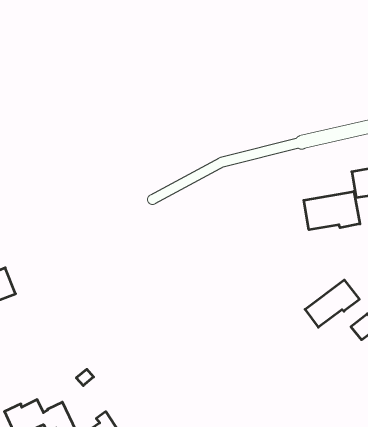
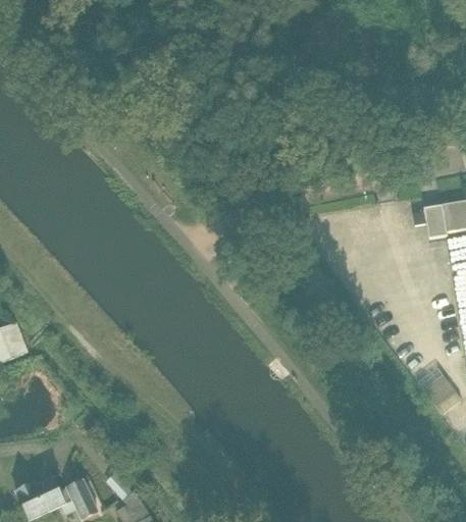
building: [304,191,360,230] -> none
building: [305,280,359,327] -> none

